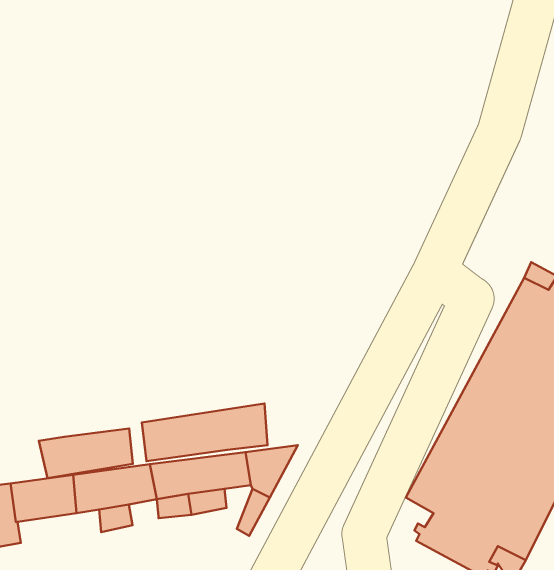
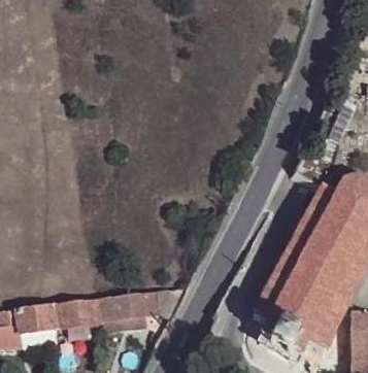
building: [142,404,268,461] -> none
building: [39,428,133,478] -> none

